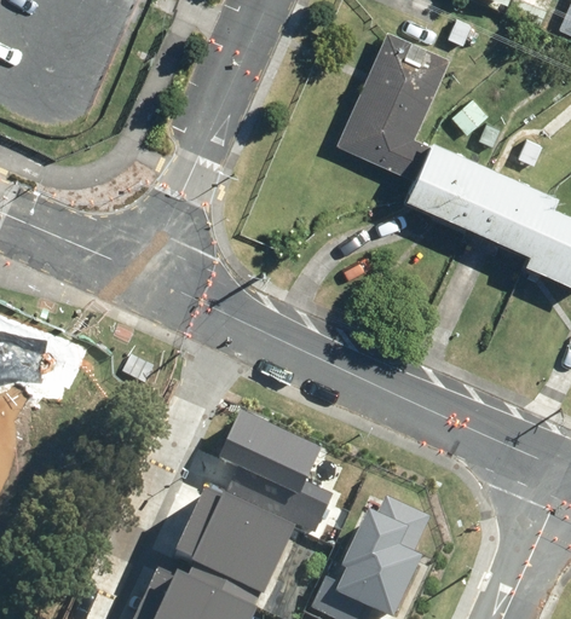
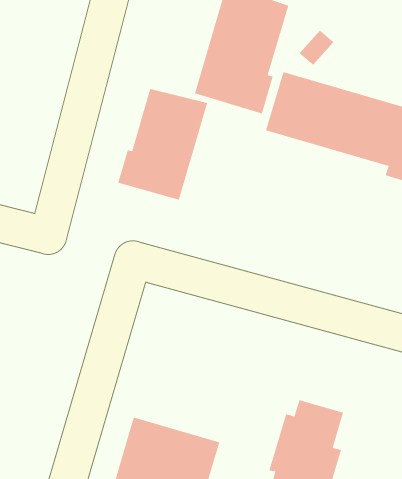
building: none -> [117,88,208,201]
building: [221,409,335,531] -> none

